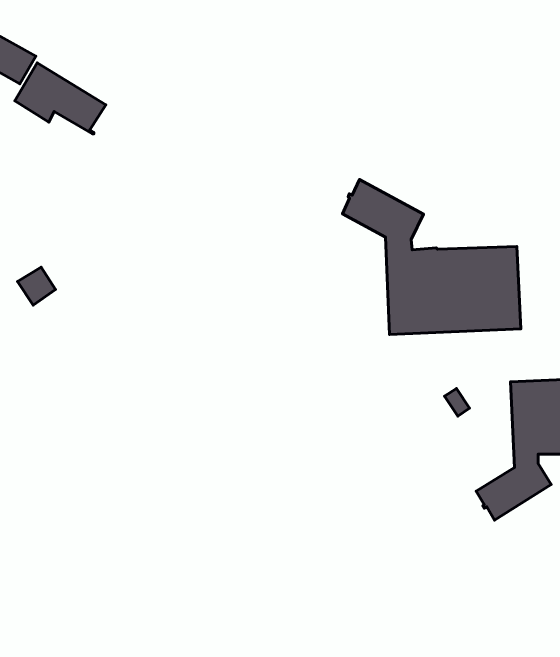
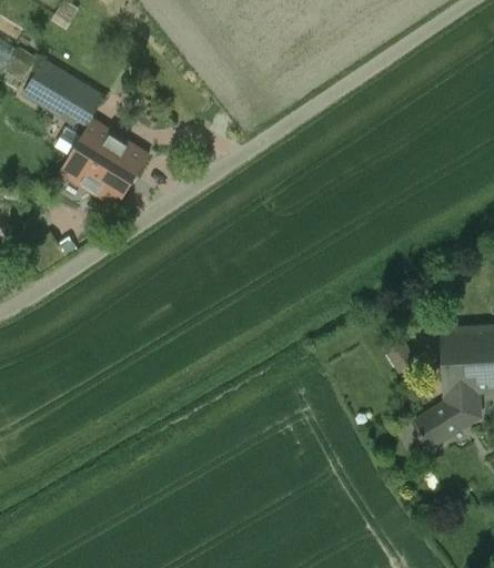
building: none -> [61,120,149,206]
building: [342,179,521,335] -> none

